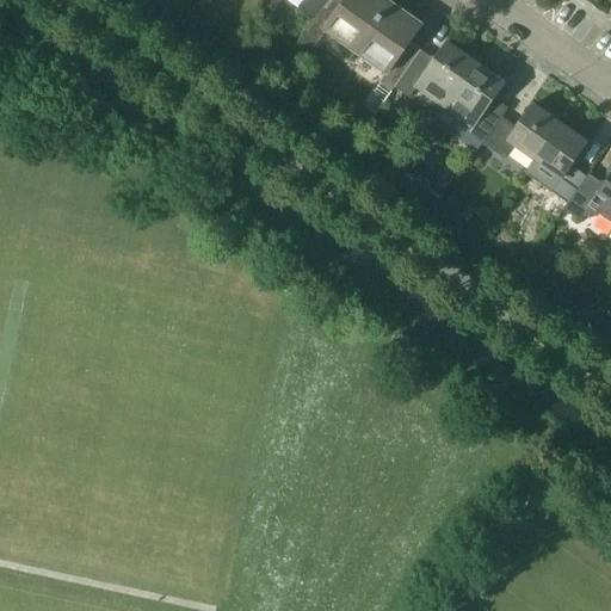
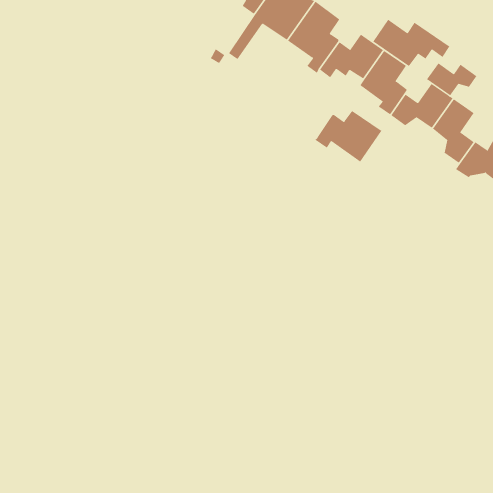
building: none -> [373,19,450,67]
building: none -> [426,62,477,96]
building: none -> [314,110,382,162]

